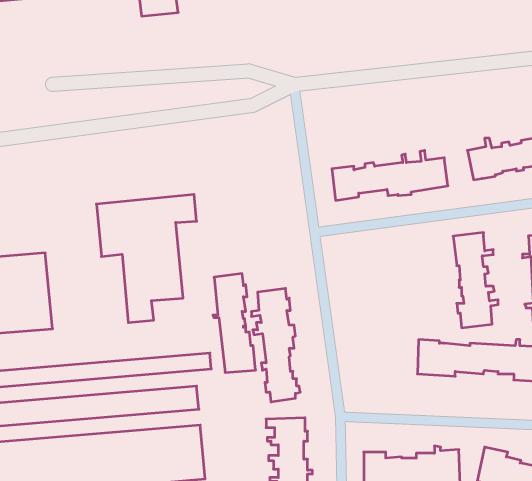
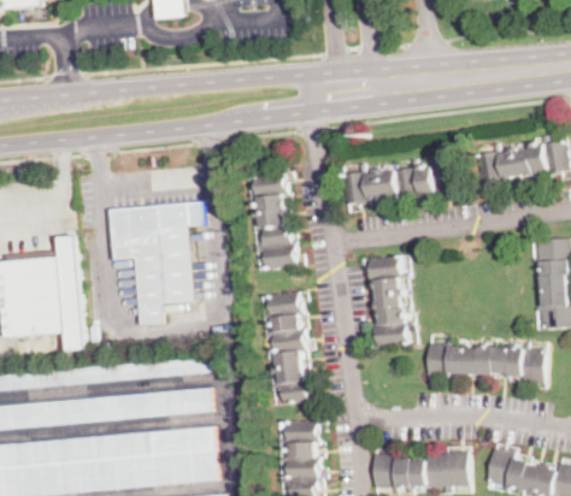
building: none -> [57,235,84,349]
building: [453,233,498,328] -> [367,254,412,348]
building: [213,274,256,372] -> [252,171,294,268]

